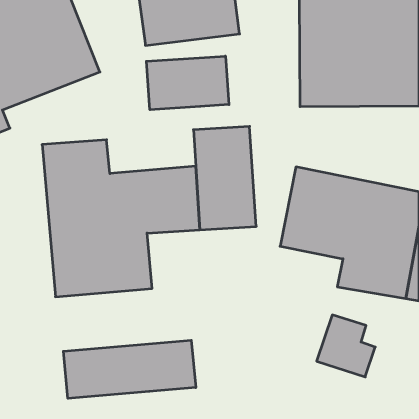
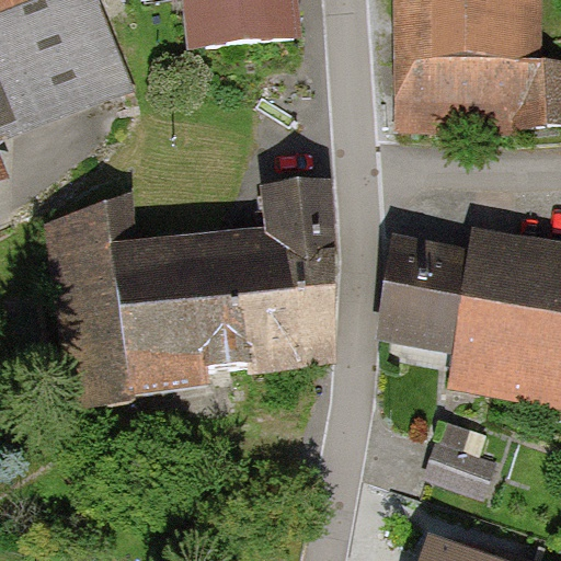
building: [146,56,229,110] -> none
building: none -> [199,302,344,382]
building: [63,340,196,398] -> none

